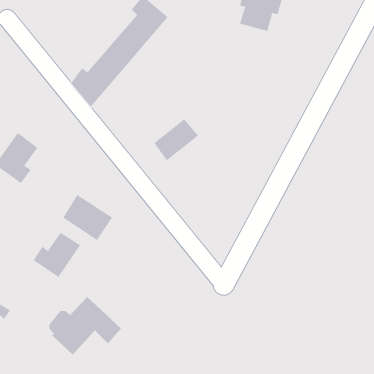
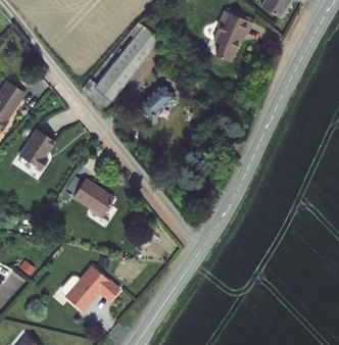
building: [154,119,199,161] -> [141,83,177,116]
building: [33,232,81,278] -> none

